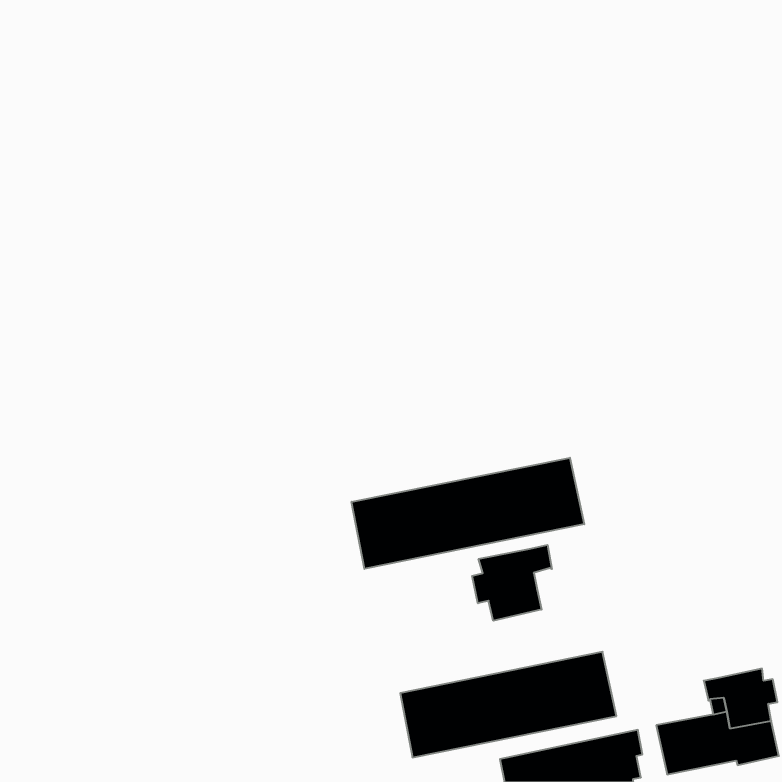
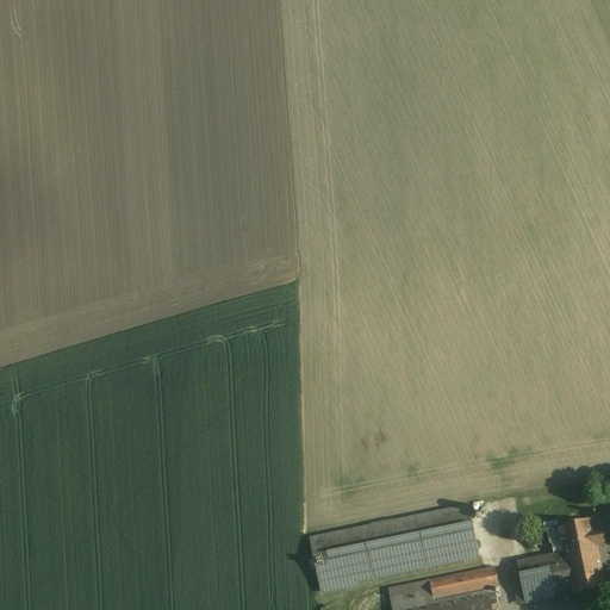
building: [352,458,584,569] -> none
building: [472,545,552,621] -> none

